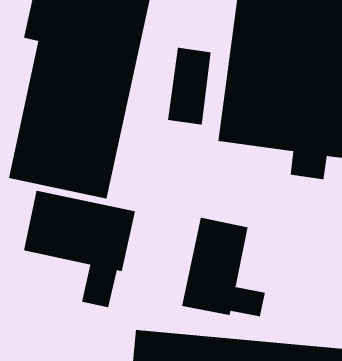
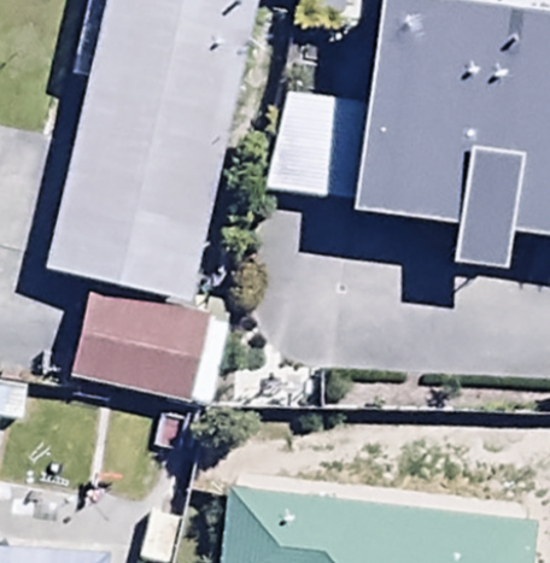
building: [182,217,265,317] -> none

